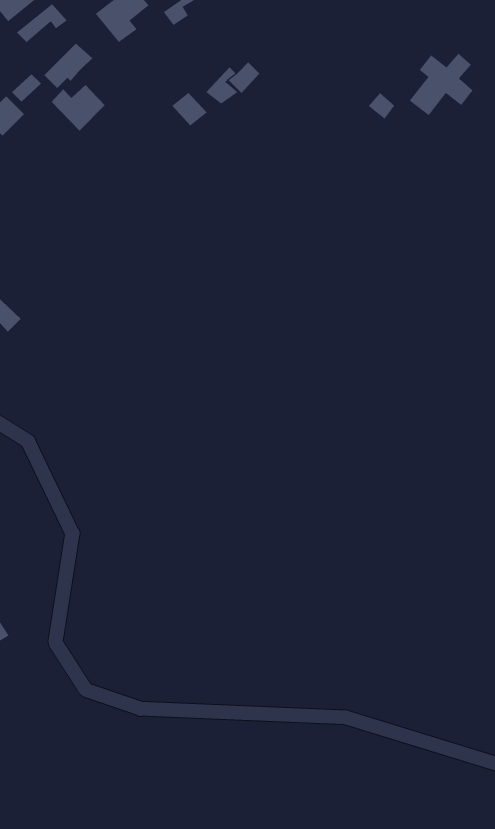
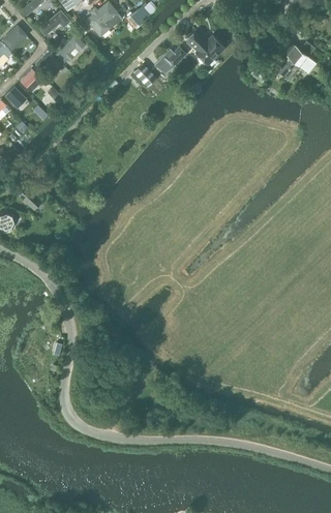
building: none -> [187,30,223,63]
building: [51,84,106,132] -> none

